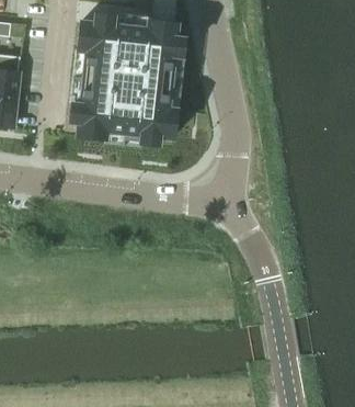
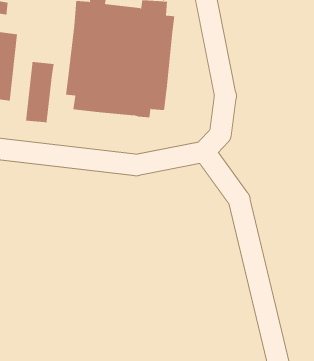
building: none -> [26,61,54,123]

